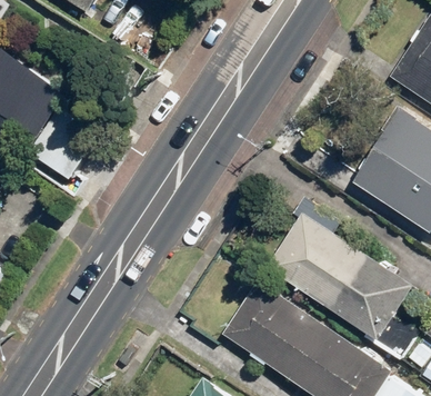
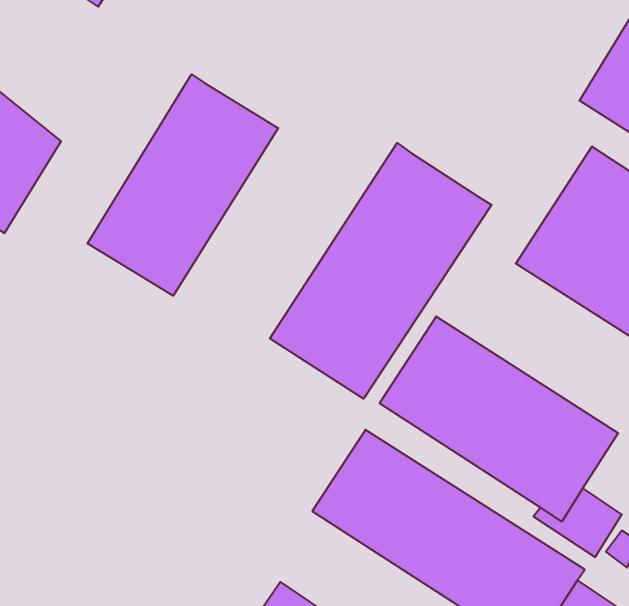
building: none -> [88,74,278,296]
building: none -> [270,143,492,399]

